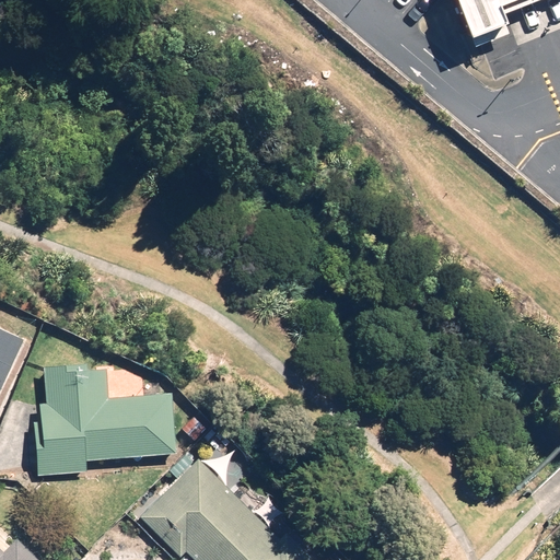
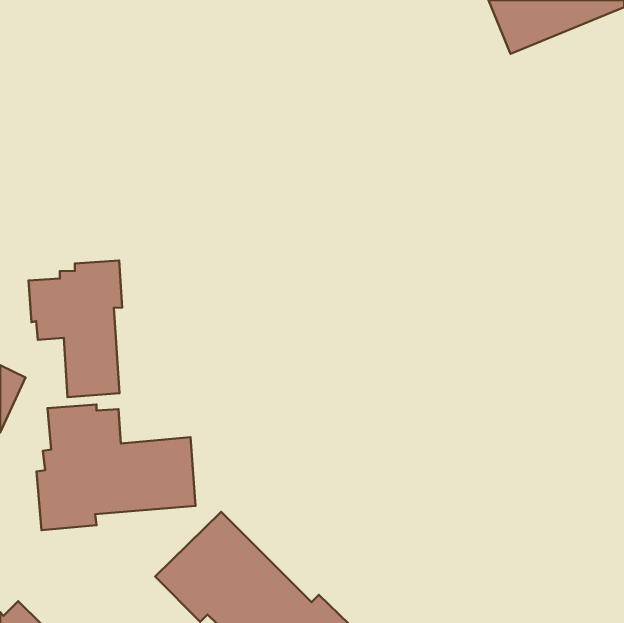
building: none -> [28,261,122,397]

